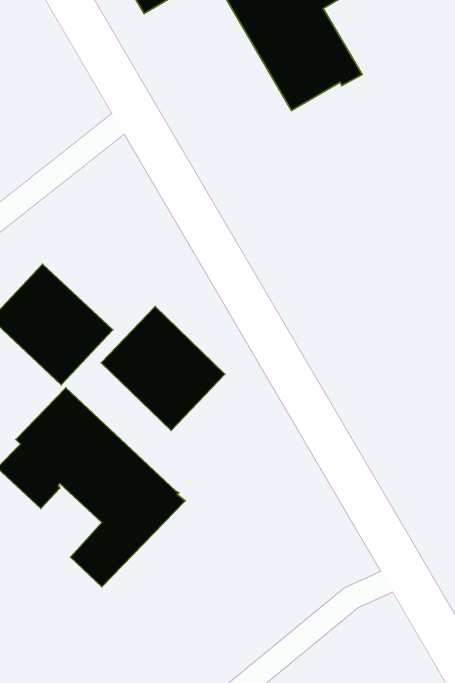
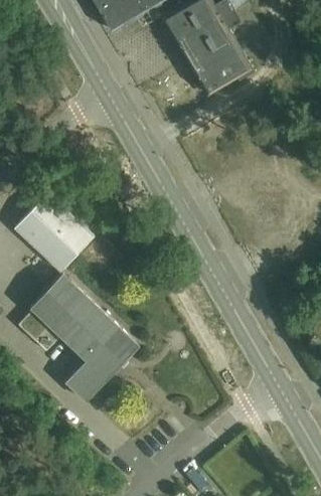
building: [101,307,225,430] -> none

